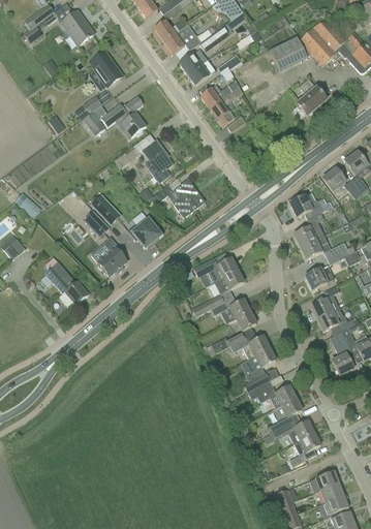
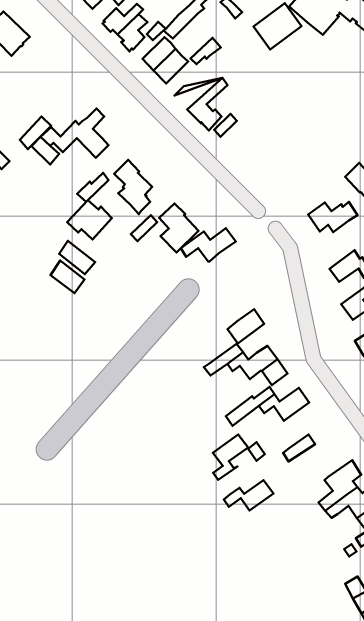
building: [89,51,120,86] -> none
building: [292,79,326,116] -> none
building: [293,211,323,246] -> none
building: [127,216,162,247] -> [67,200,112,240]
building: [96,236,126,275] -> none
building: [193,257,237,281] -> [181,228,236,262]
building: [44,260,88,304] -> none
building: [245,347,275,380] -> [213,434,248,480]
building: [256,385,296,407] -> [224,480,274,510]

